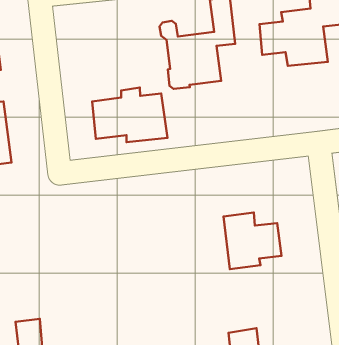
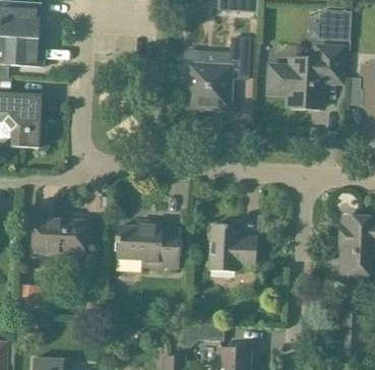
building: [92,87,167,142] -> [117,221,179,267]
building: none -> [32,219,84,254]

